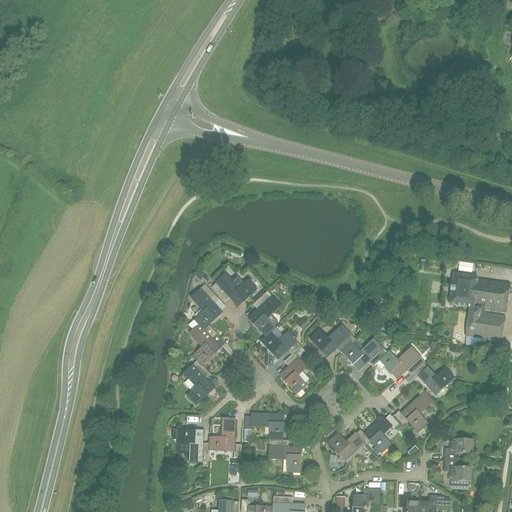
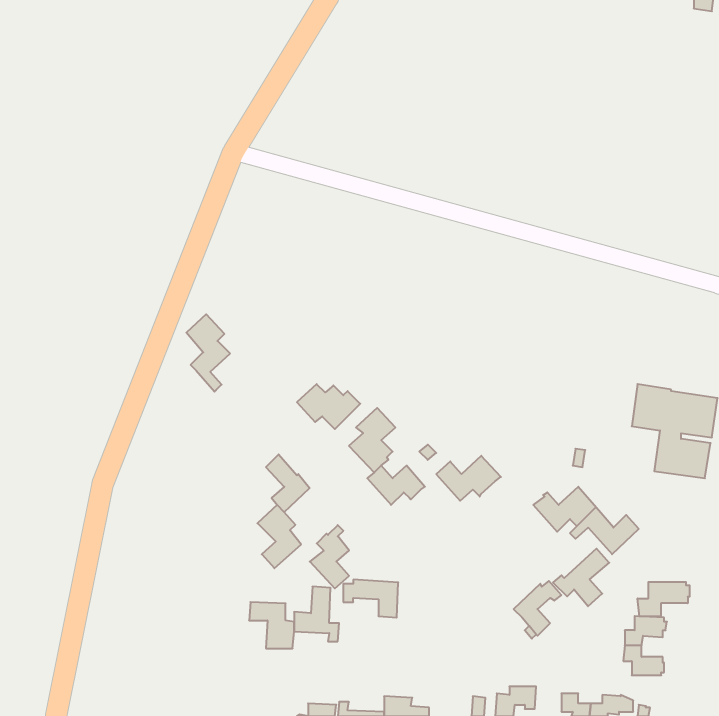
building: [191,283,222,338] -> [186,314,230,392]
building: [342,338,387,369] -> none
building: [279,348,307,393] -> [310,525,349,588]
building: none -> [638,582,690,616]
building: [328,428,371,459] -> none
building: [268,438,300,471] -> none

